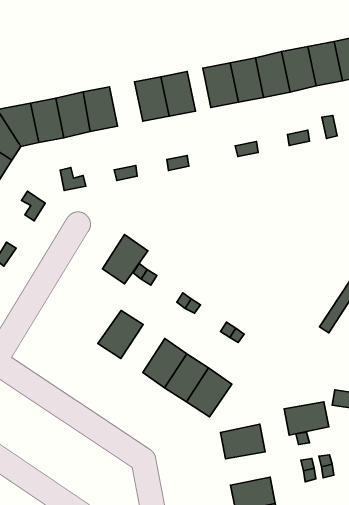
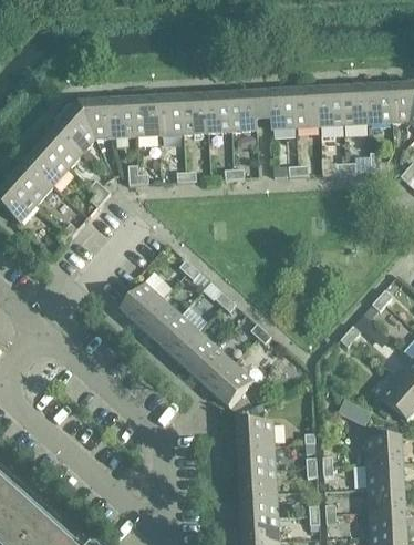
building: none -> [183,95,208,133]
building: [102,235,148,284] -> [121,281,164,326]
building: none -> [157,315,199,358]
building: [284,402,329,435] -> [238,445,276,471]

